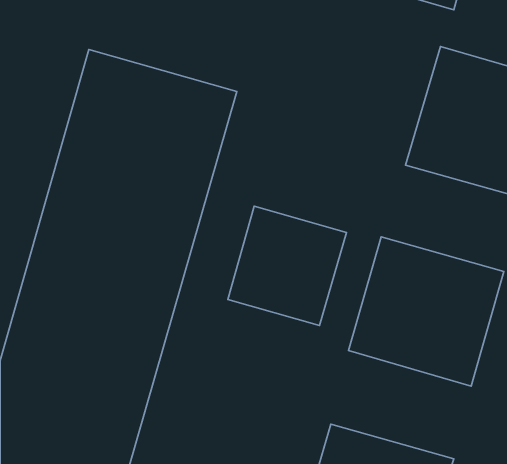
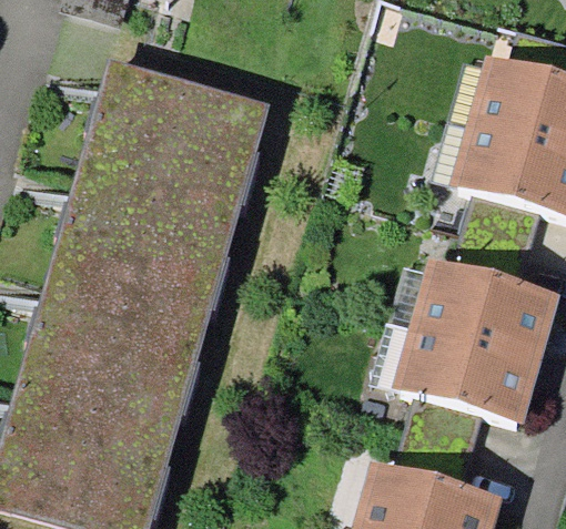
building: [228,206,346,326] -> none

